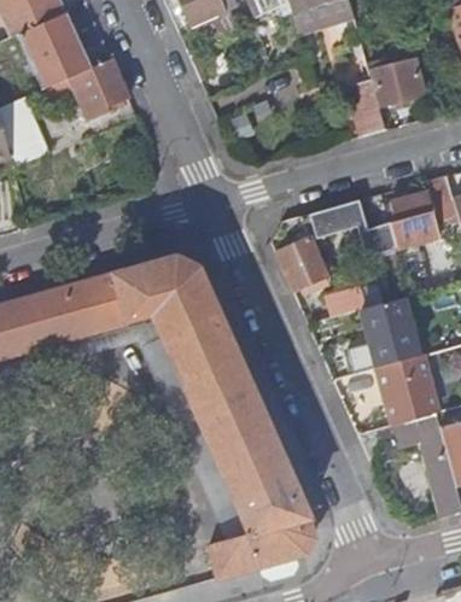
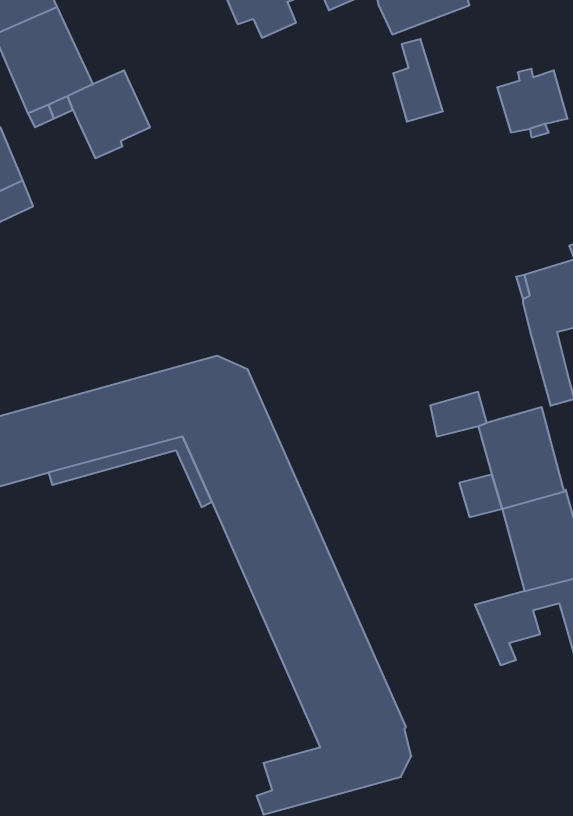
building: [352,77,387,135] -> [393,39,443,122]
building: [309,198,398,255] -> none
building: [273,215,329,292] -> none

